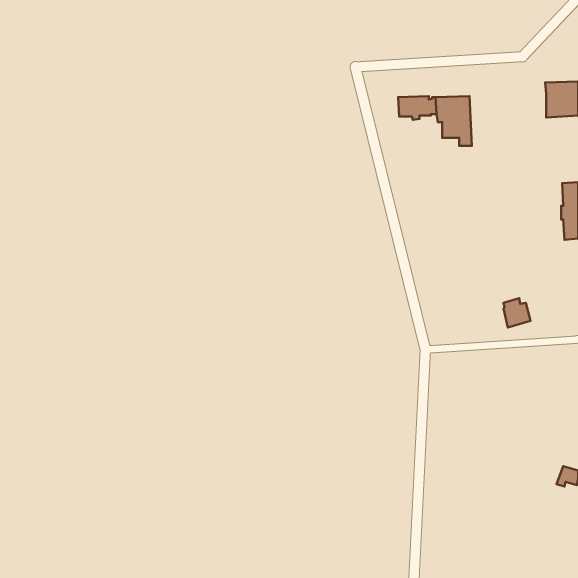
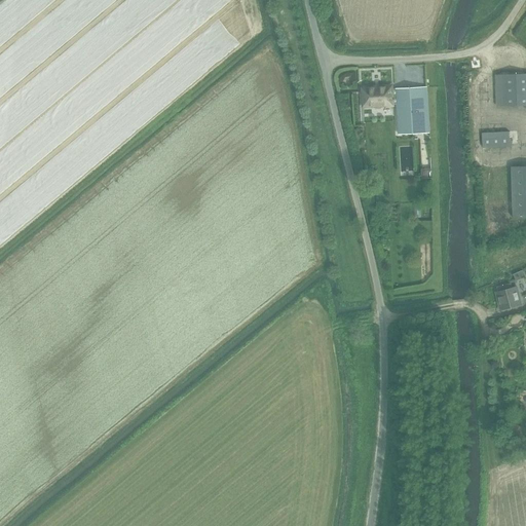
building: none -> [482,133,510,148]
building: [503,298,531,328] -> [496,284,521,310]

